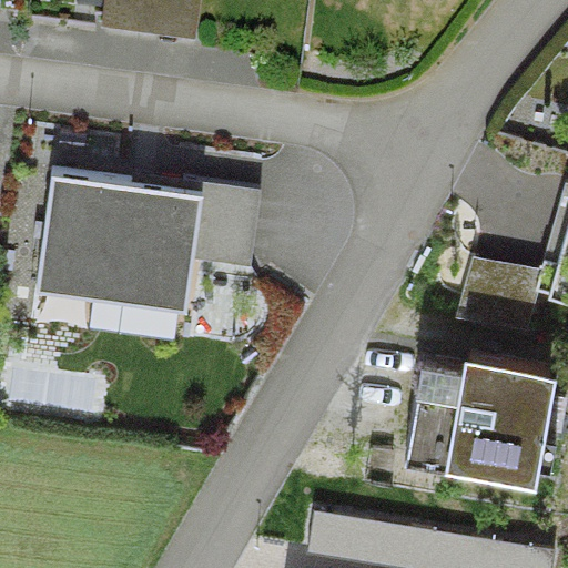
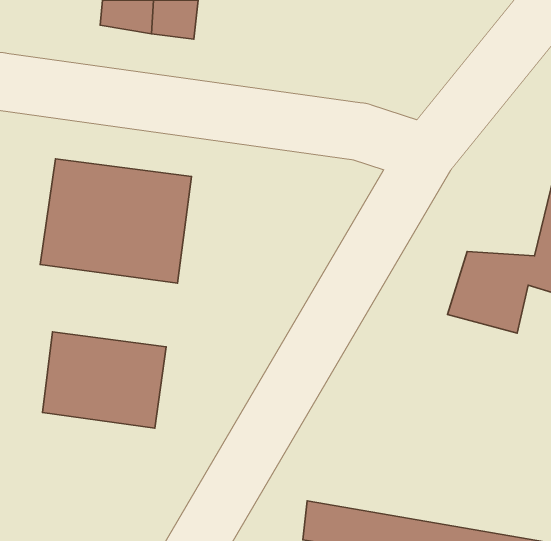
building: none -> [43,332,166,428]
building: [405,366,551,485] -> none

